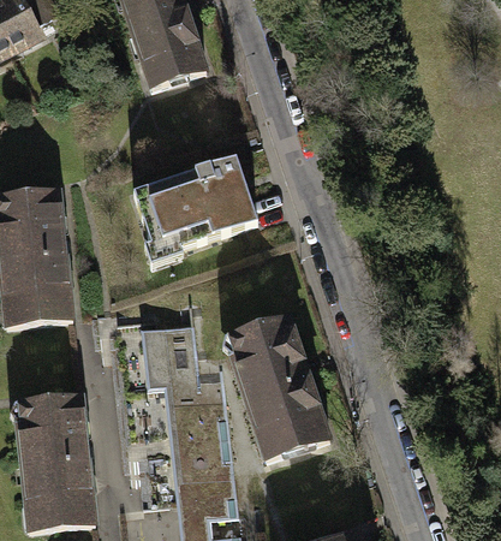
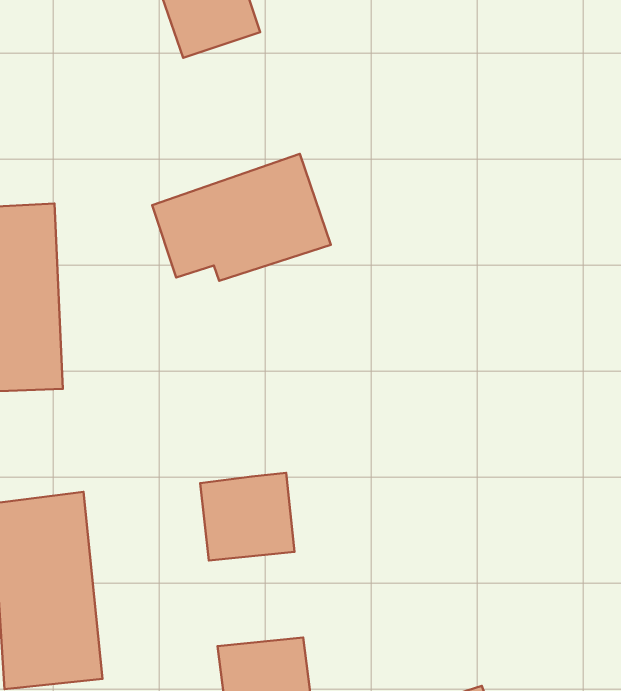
building: [227,319,330,458] -> none
building: [141,323,201,390] -> none
building: [171,436,237,503] -> none

